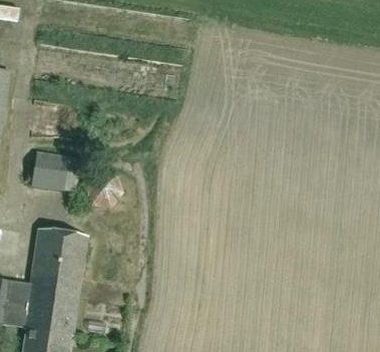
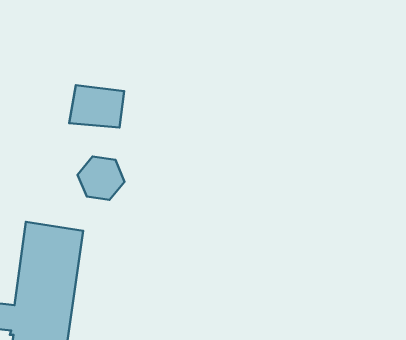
building: [31,152,79,190] -> [69,85,124,128]

